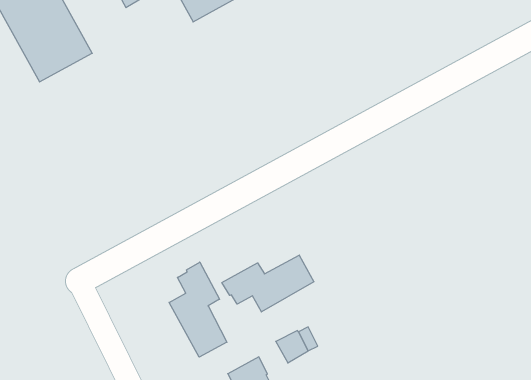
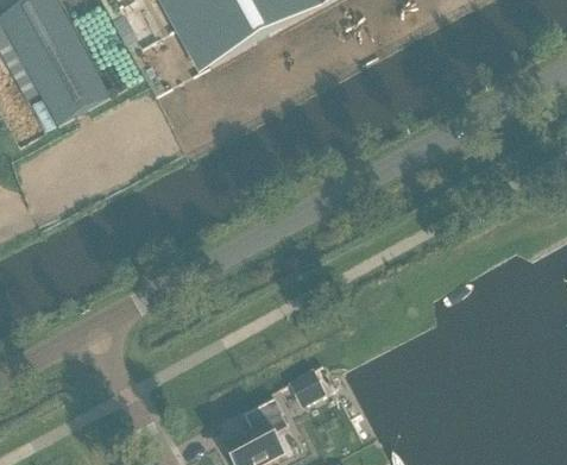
building: [222,255,314,312] -> none
building: [169,262,227,357] -> none

